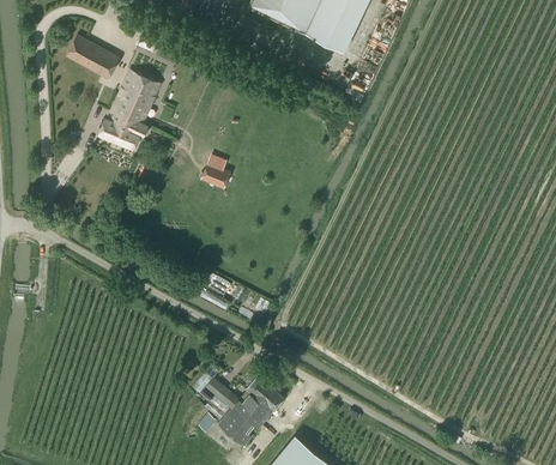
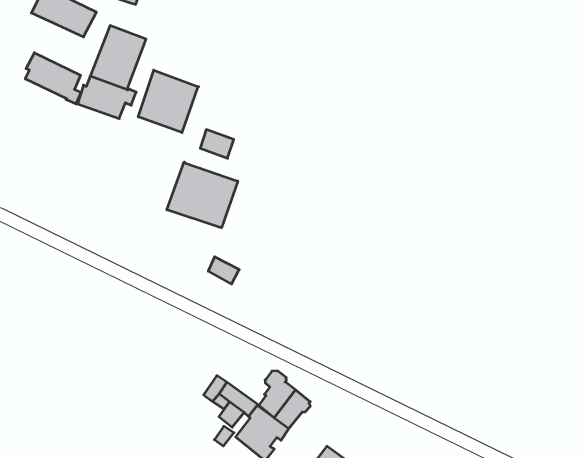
building: none -> [25,53,81,104]
building: none -> [138,70,199,133]
building: none -> [167,162,238,228]

